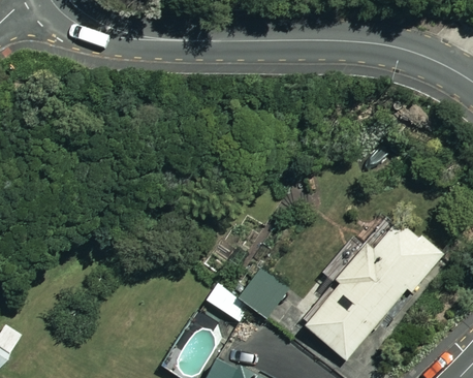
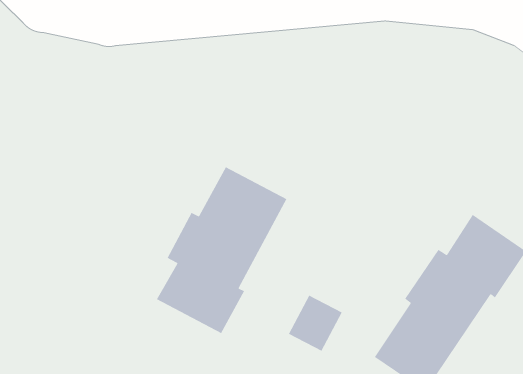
building: none -> [156,166,288,334]

